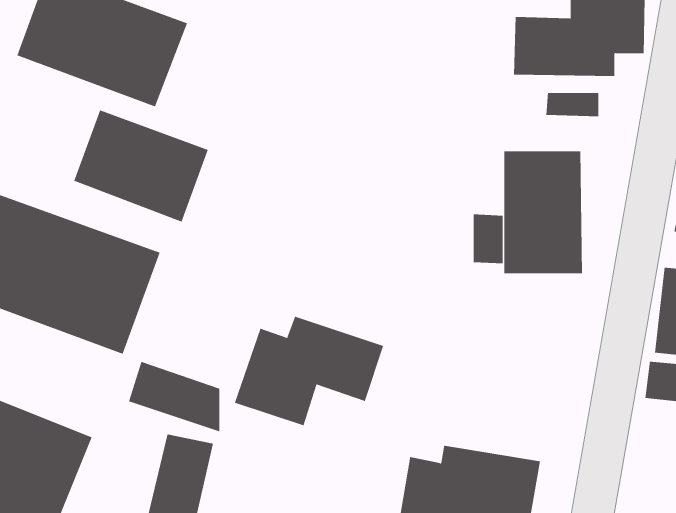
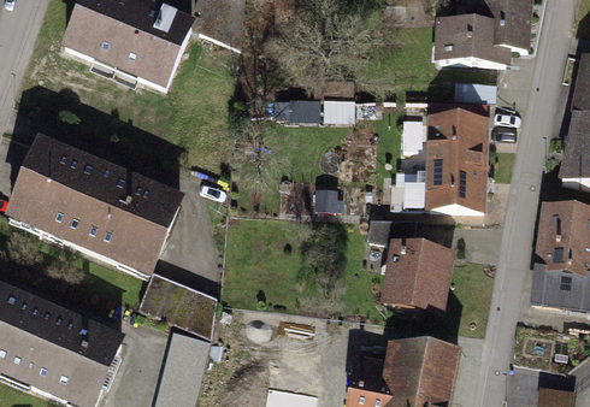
building: [74,110,209,222] -> none
building: none -> [380,242,450,312]
building: [234,316,384,426] -> none

